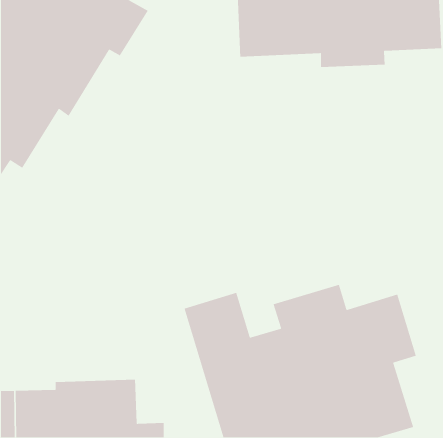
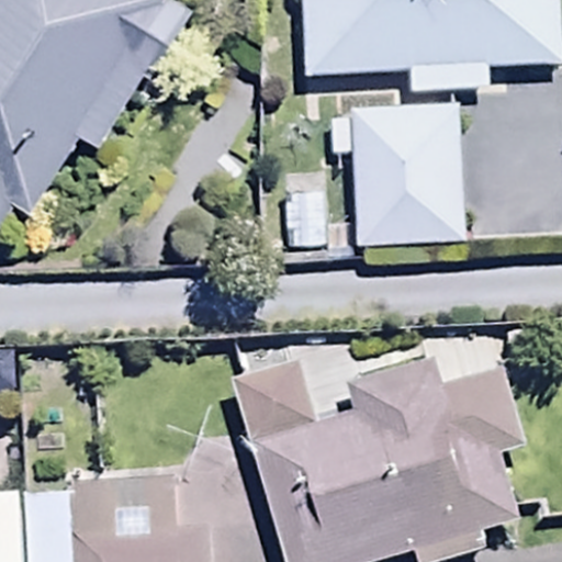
building: none -> [328,104,462,245]

